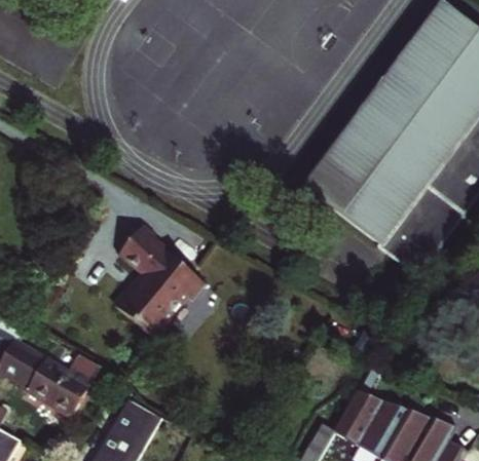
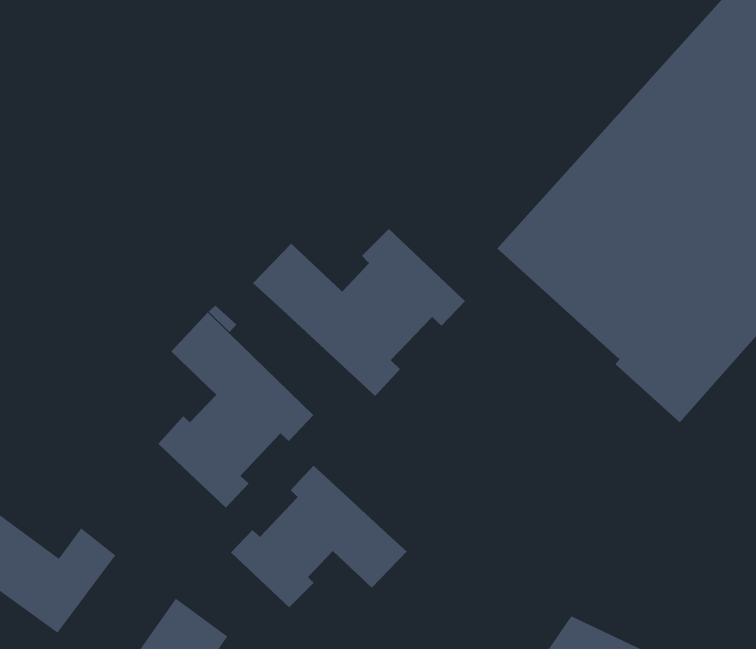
building: none -> [252,228,466,397]
building: none -> [230,465,407,608]

